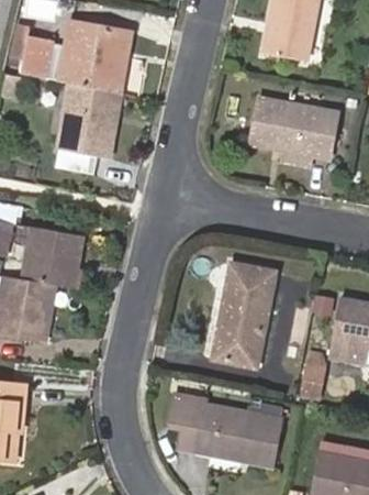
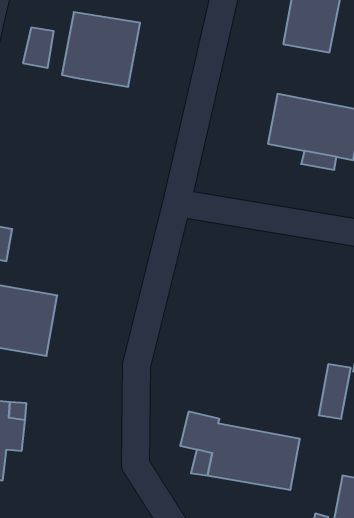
building: [60,83,121,154] -> none
building: [23,227,82,288] -> none
building: [212,264,275,368] -> none

